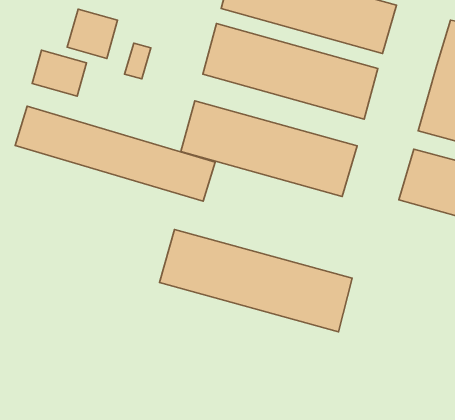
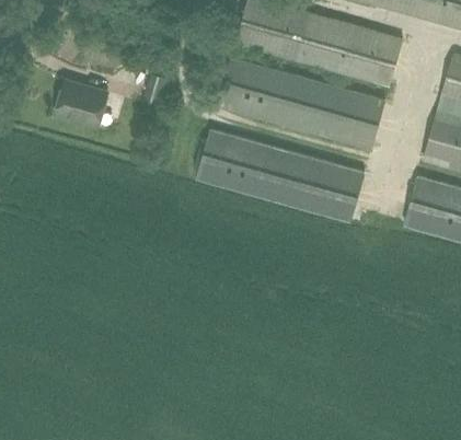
building: [67,9,118,58] -> none
building: [15,106,215,201] -> none
building: [160,229,352,332] -> none

